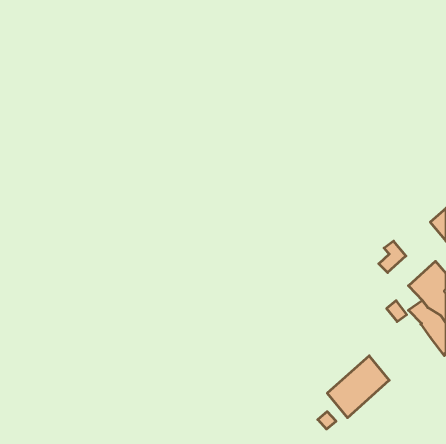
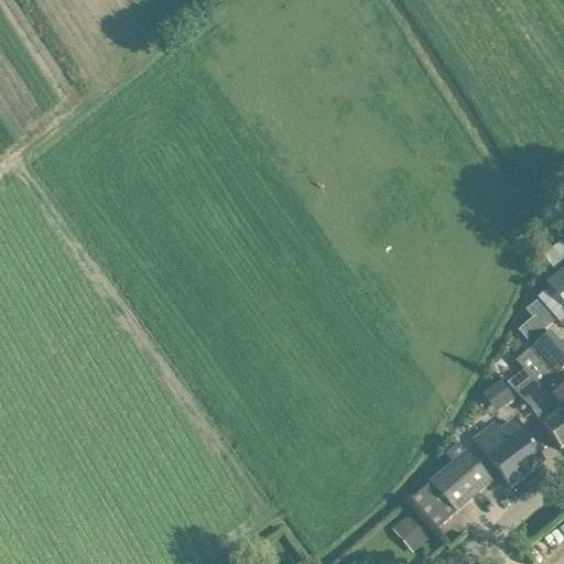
building: [379,241,406,273] -> [519,300,553,339]
building: none -> [479,420,543,486]

